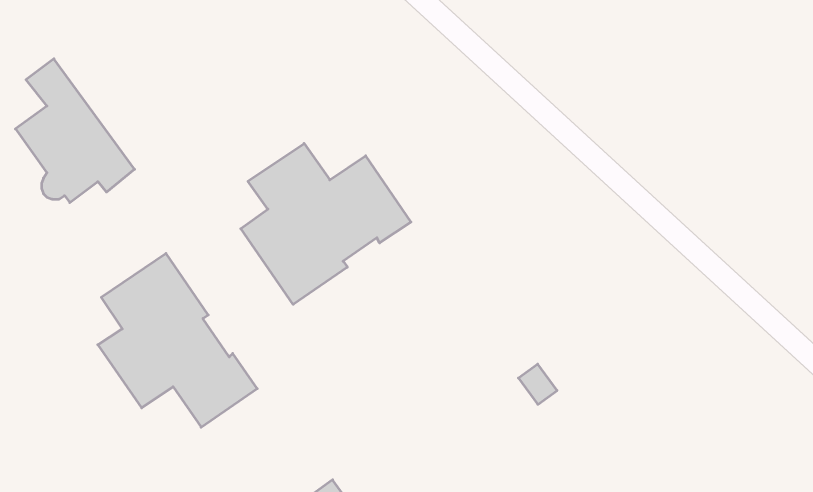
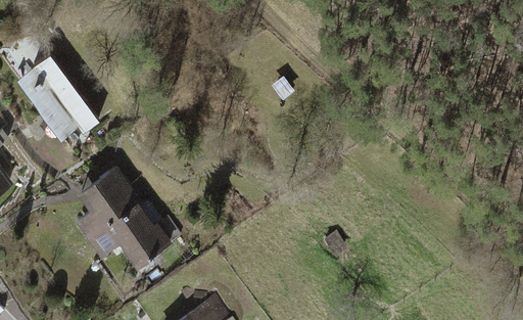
building: [241,143,411,304] -> none

